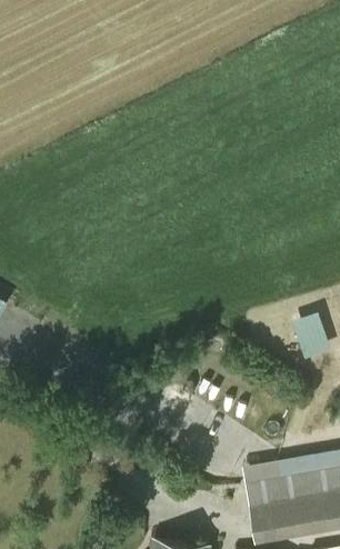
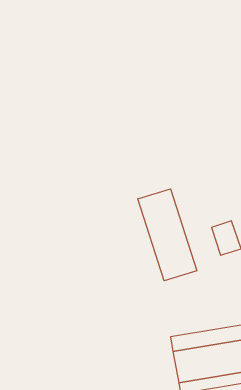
building: none -> [138,189,197,281]

